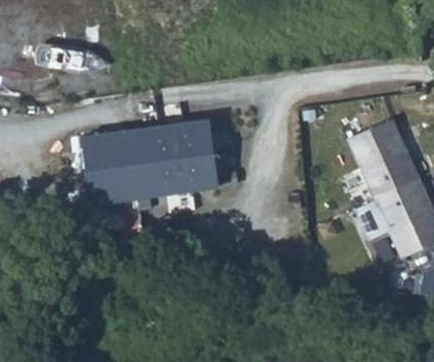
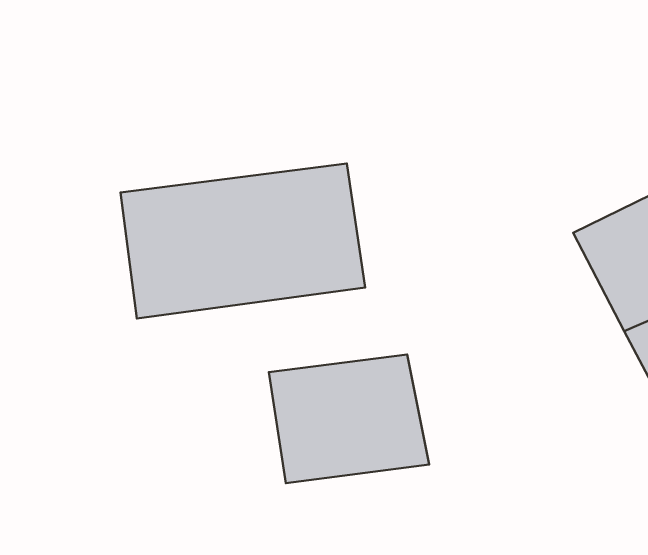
building: none -> [269,354,429,483]

